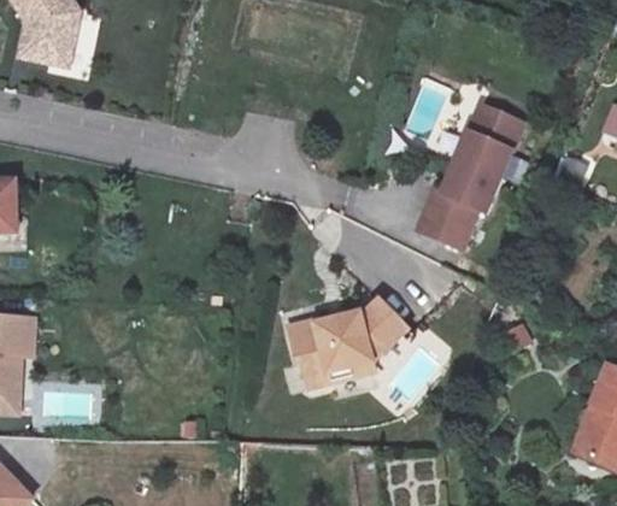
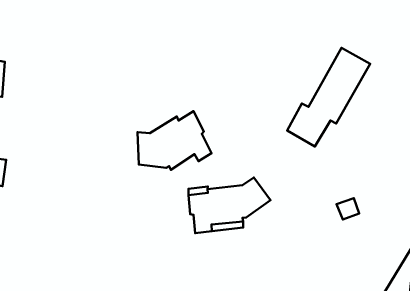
building: none -> [137,111,211,170]

